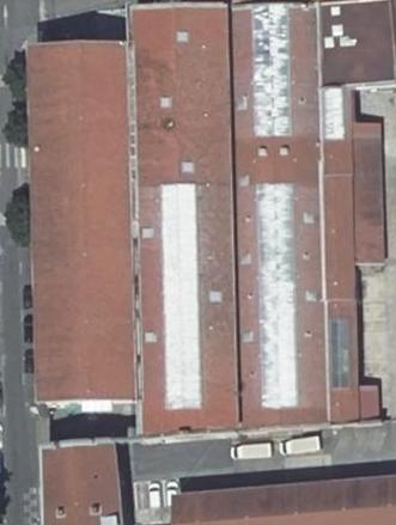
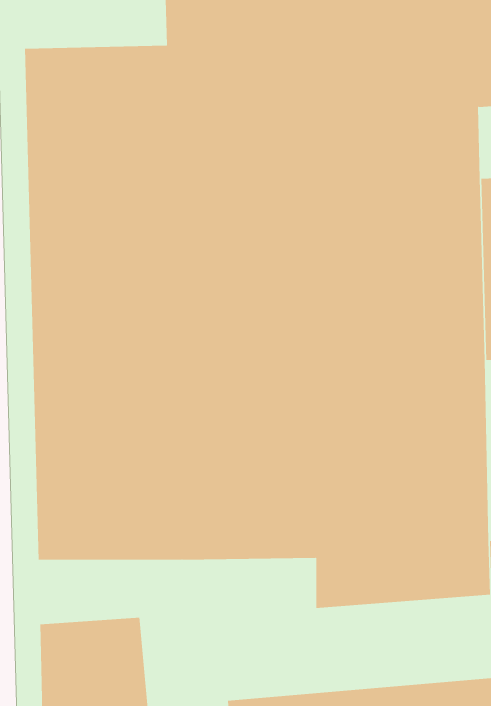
building: [142,399,234,442] -> none

